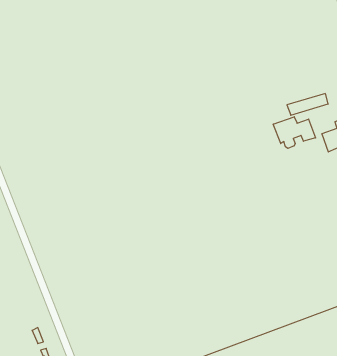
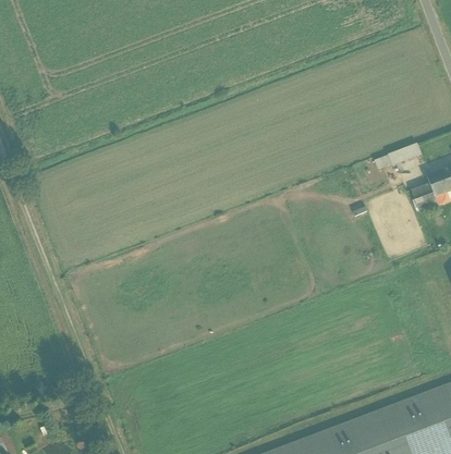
building: [273,117,316,148] -> none

